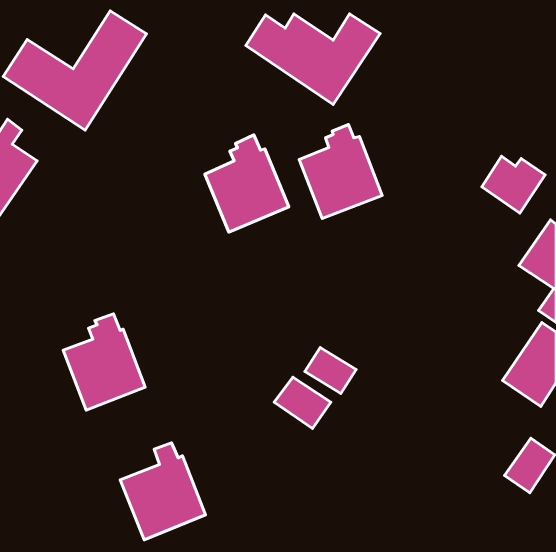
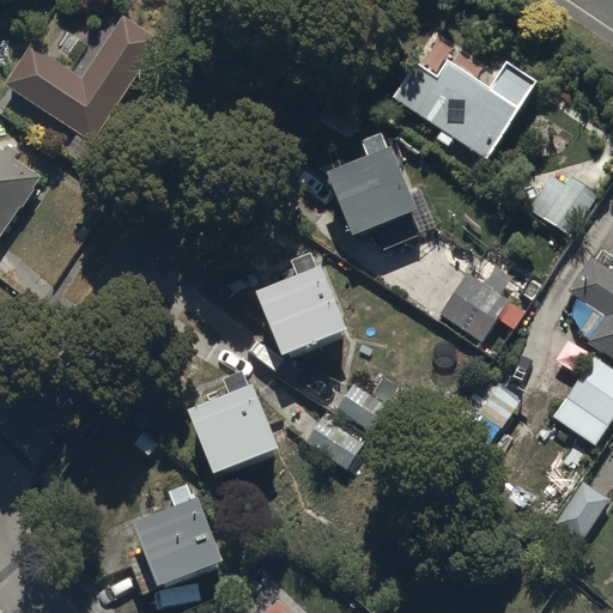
building: [246,14,380,105] -> [393,62,540,162]
building: [205,135,289,232] -> [257,254,350,360]
building: none -> [442,269,508,333]
building: [63,314,145,410] -> [189,374,279,479]

